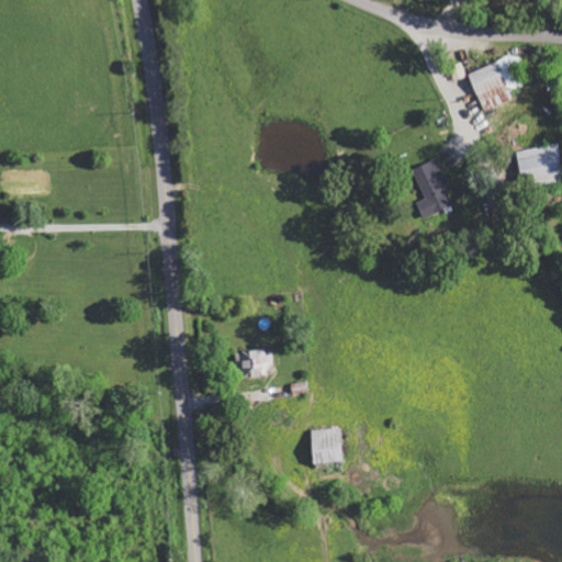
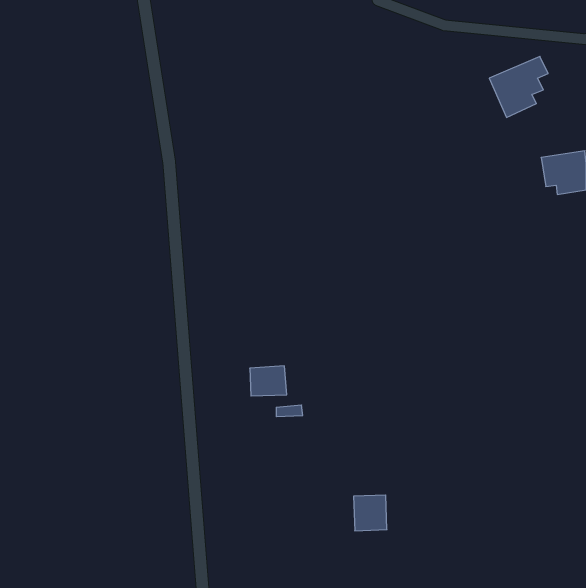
building: [412,158,452,218] -> none
building: [310,429,341,463] -> [354,495,387,531]

